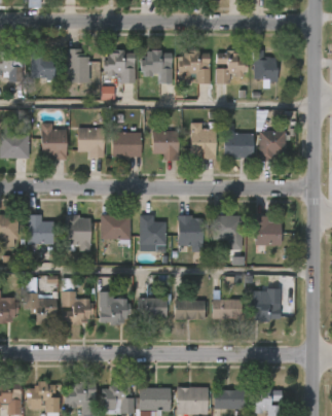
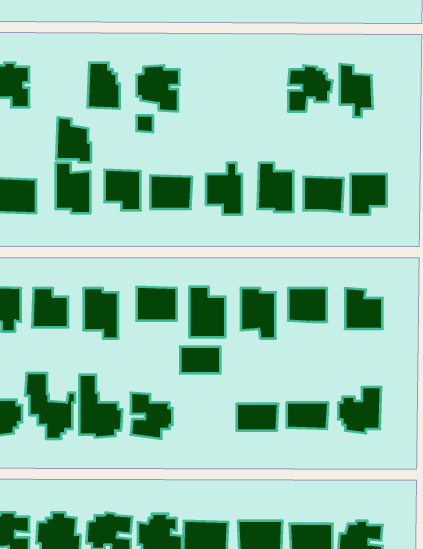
building: [31,47,57,80] -> [56,117,91,162]
building: [138,50,171,84] -> none
building: [176,50,209,83] -> none
building: [136,299,165,318] -> [180,347,220,373]

